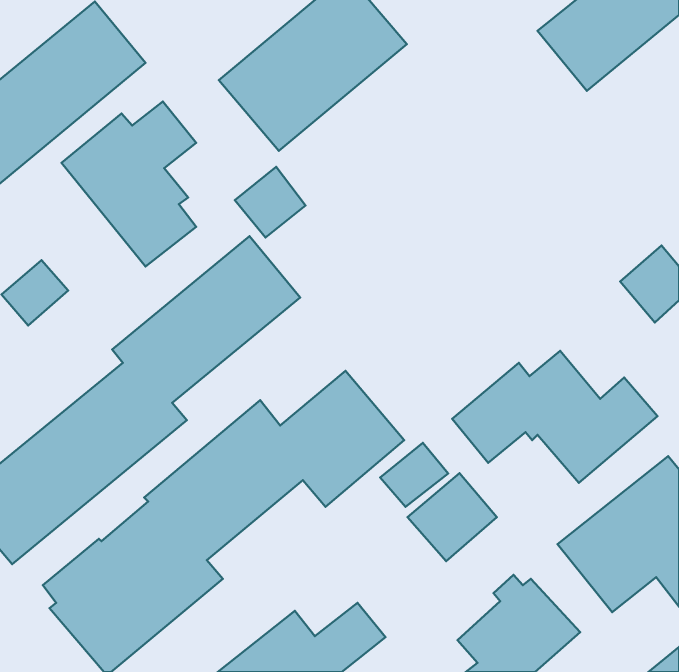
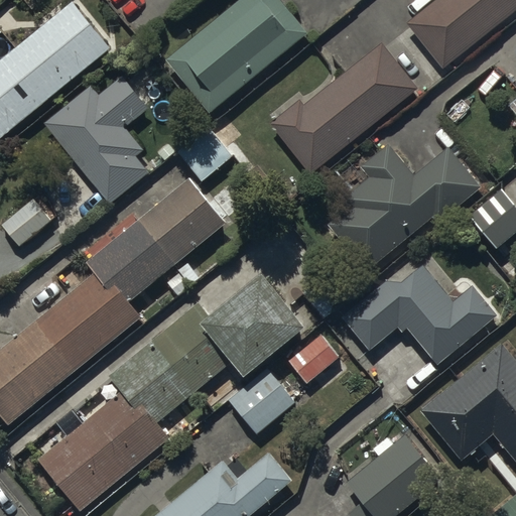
building: none -> [269,42,417,174]
building: none -> [328,143,481,270]
building: [407,473,497,561] -> [228,367,295,433]

